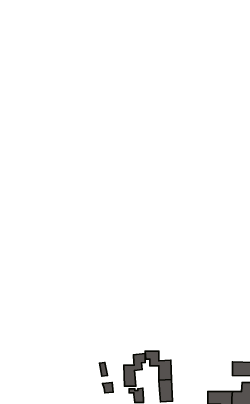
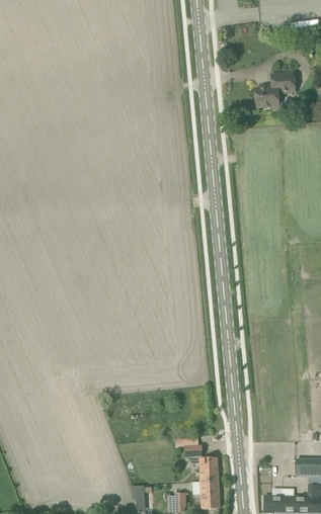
building: none -> [254,73,295,109]
building: [124,354,145,386] -> none

